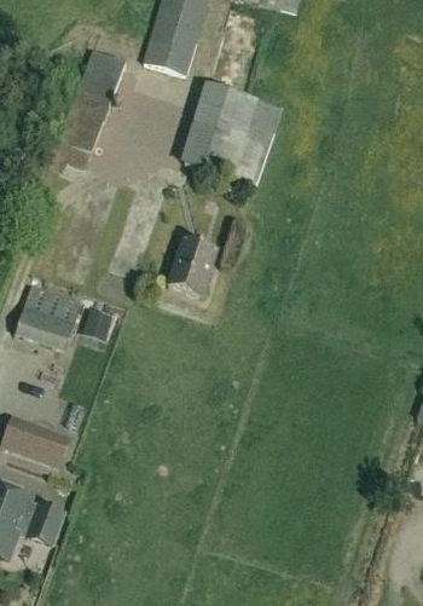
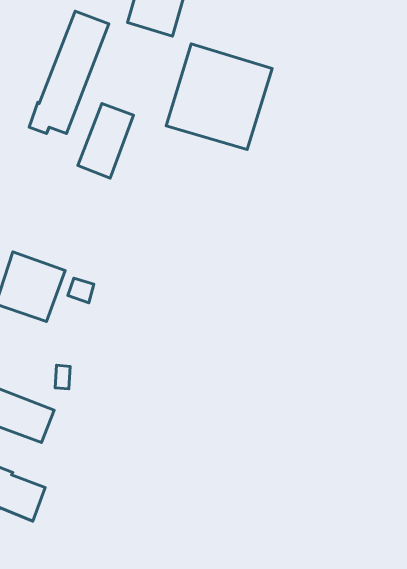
building: none -> [78,104,134,178]
building: [169,237,216,294] -> none

